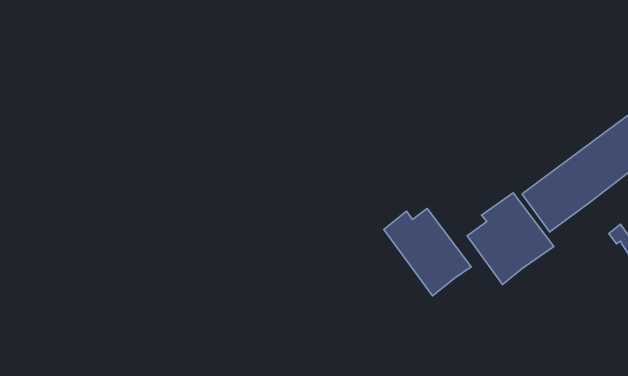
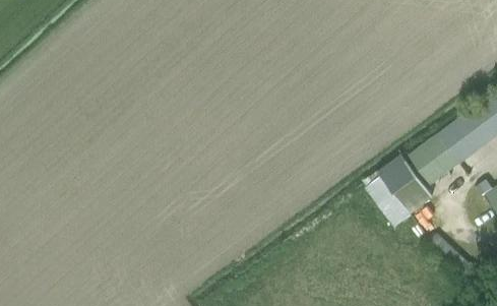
building: [384,208,471,296] -> none

